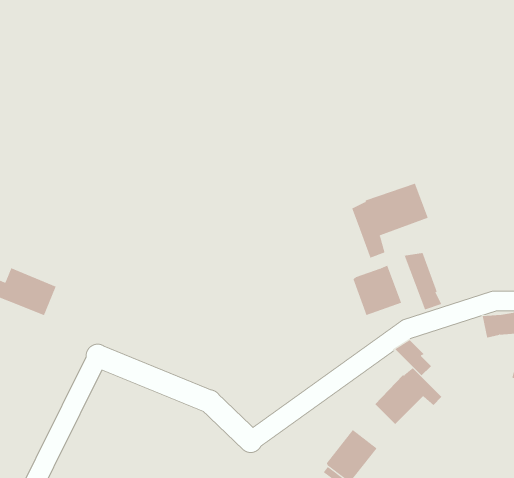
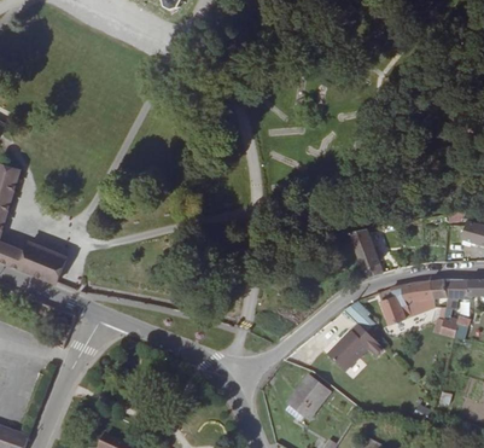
building: [351,183,428,258] -> none
building: [353,265,402,316] -> none
building: none -> [378,281,419,324]

